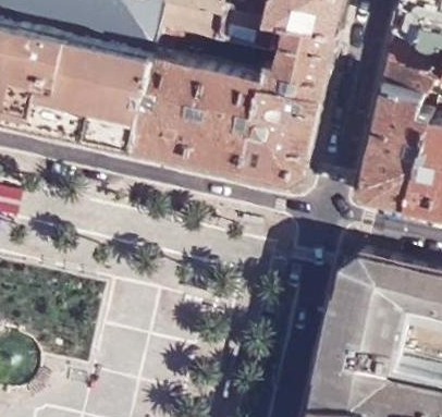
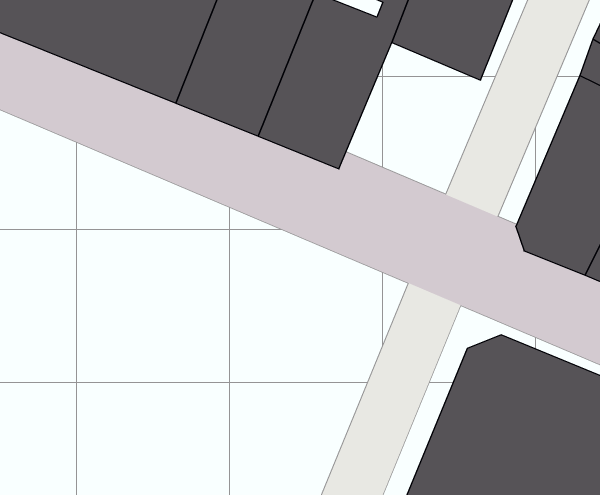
building: [244,86,322,181] -> none

